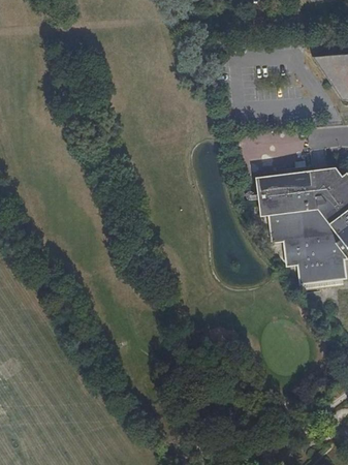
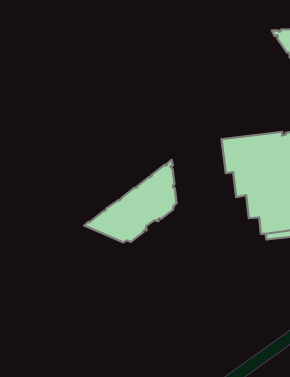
building: none -> [84,160,177,243]

